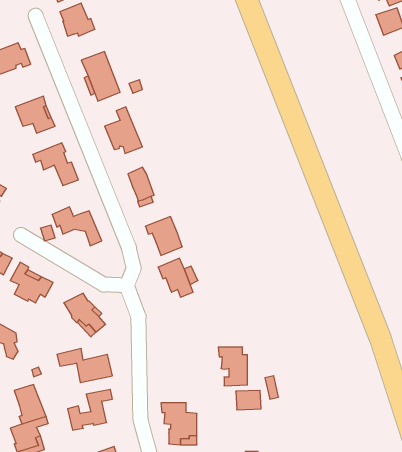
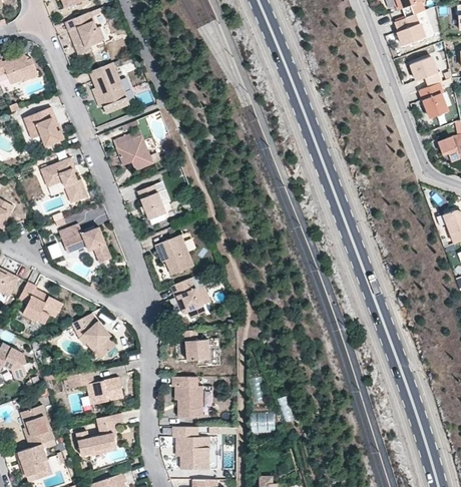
building: none -> [183,329,209,361]
building: [218,347,247,386] -> [172,376,202,416]

